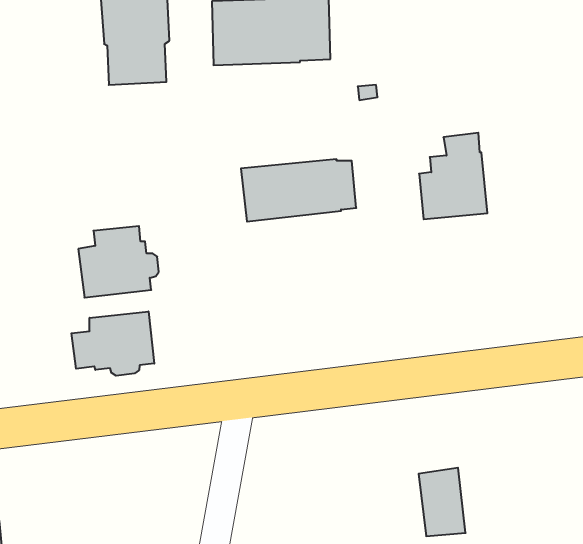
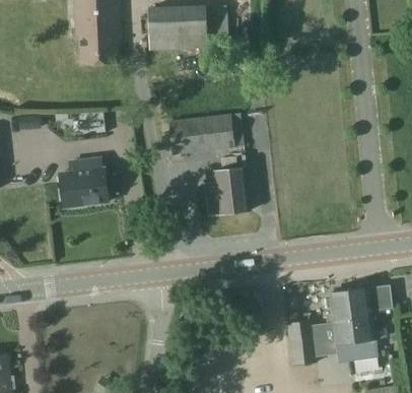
building: [419,133,487,219] -> [205,154,251,212]
building: [71,311,154,376] -> none
building: none -> [324,284,392,362]

